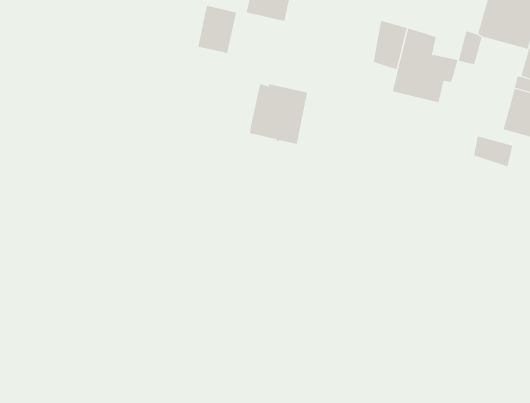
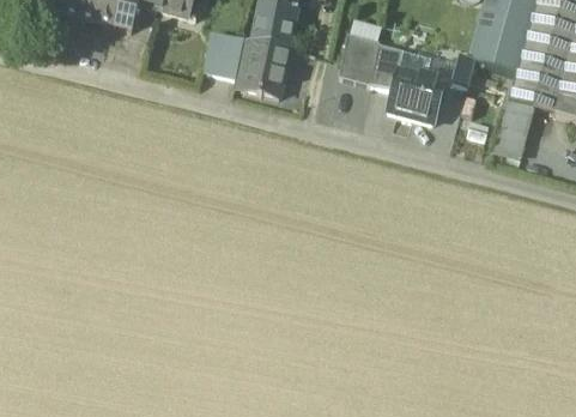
building: none -> [339,34,380,84]
building: [249,83,308,144] -> [234,37,289,95]
building: [474,135,513,167] -> none

